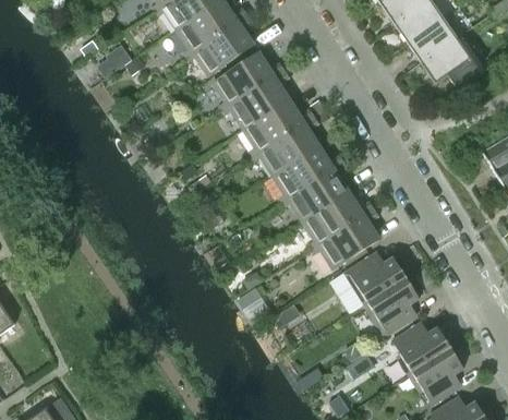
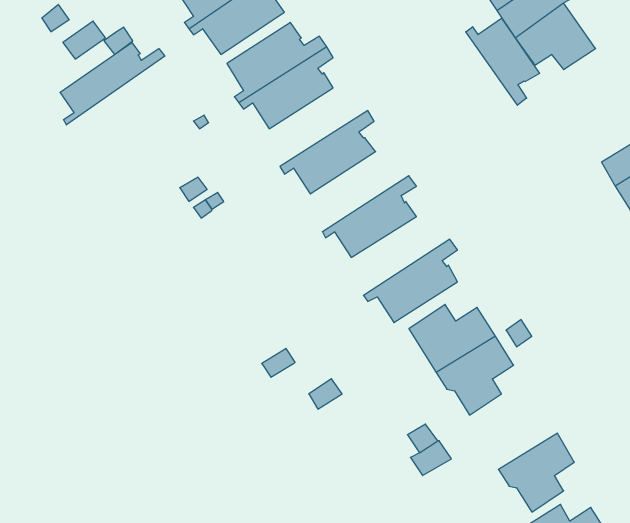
building: none -> [466,18,540,105]
building: none -> [60,43,165,125]
building: [244,98,315,155] -> none
building: [274,144,344,202] -> none
building: [303,191,374,248] -> none
building: [392,324,451,373] -> none

